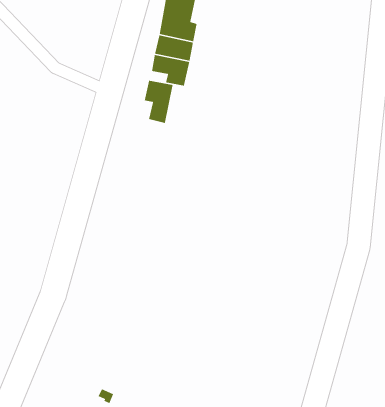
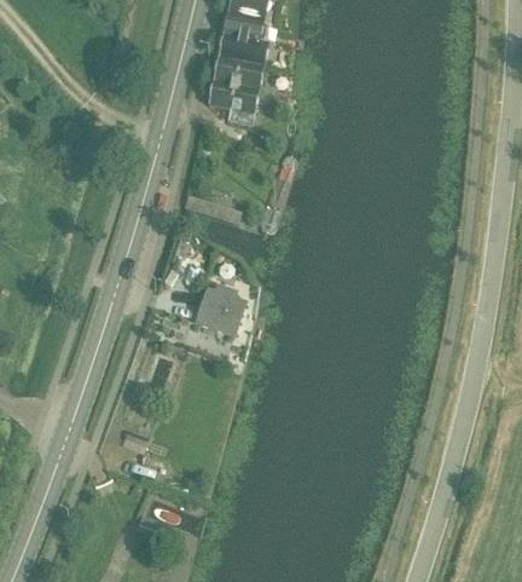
building: [144,80,174,124] -> none
building: none -> [196,282,242,334]

